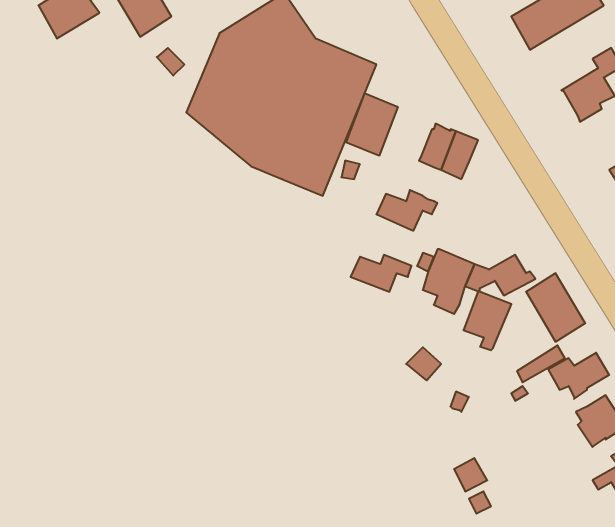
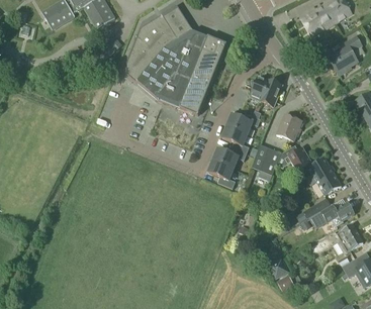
building: [346,93,398,156] -> none
building: none -> [221,125,249,153]
building: none -> [208,160,235,188]
building: [463,291,511,350] -> [276,113,302,145]

